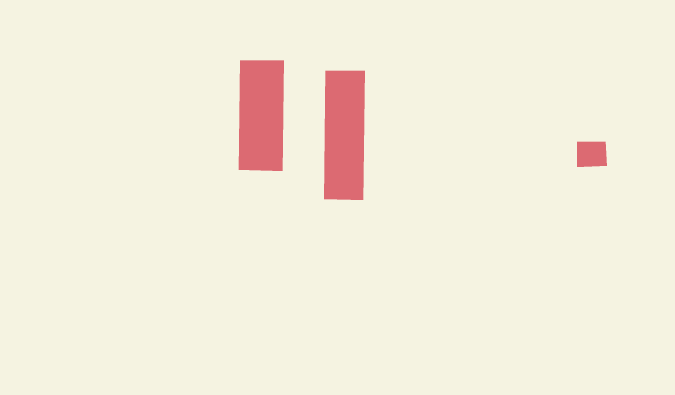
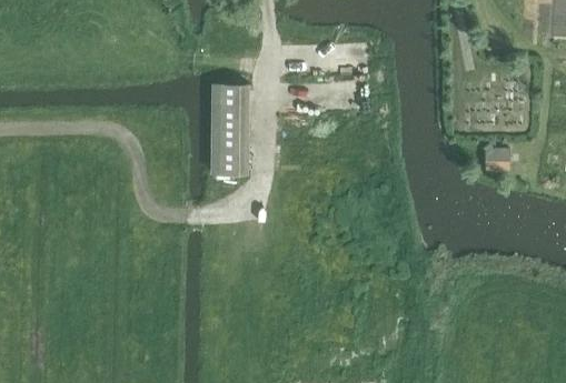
building: [323,70,366,201] -> none

